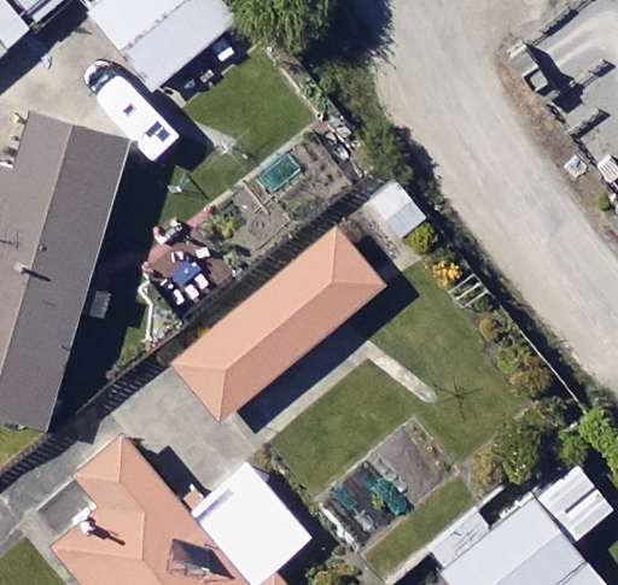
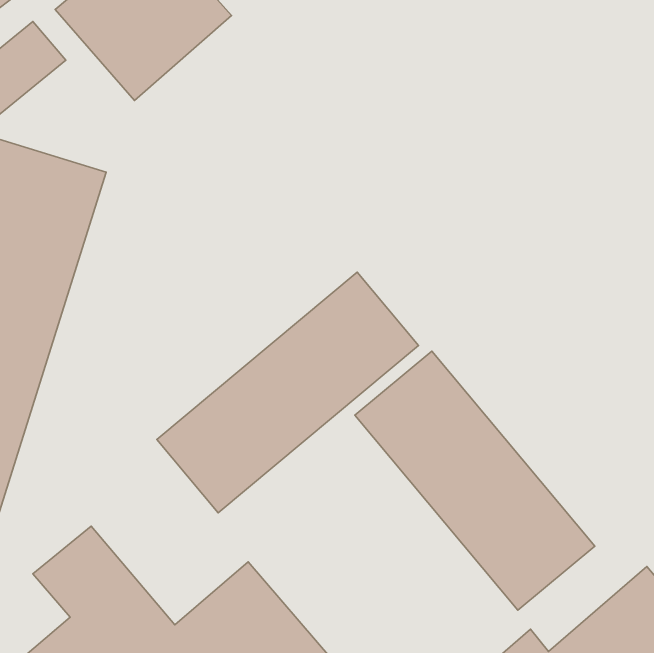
building: none -> [355,351,595,610]

